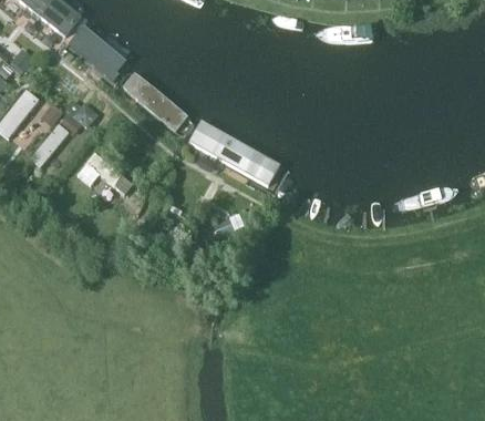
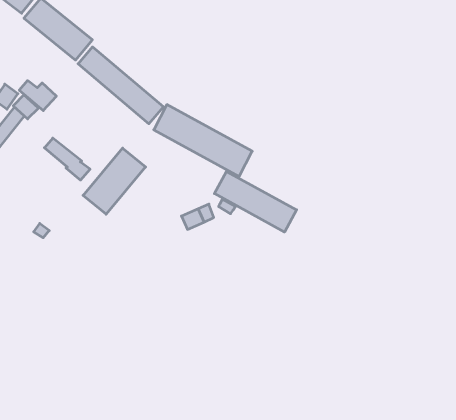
building: none -> [83,148,146,214]
building: none -> [214,171,297,232]

